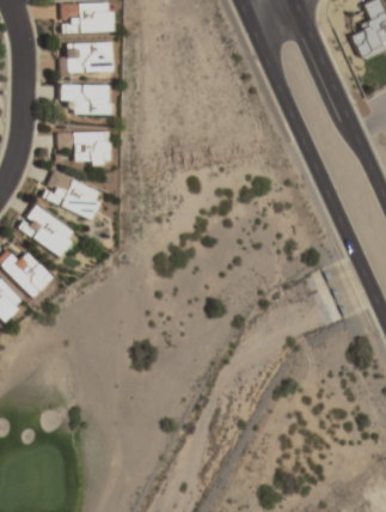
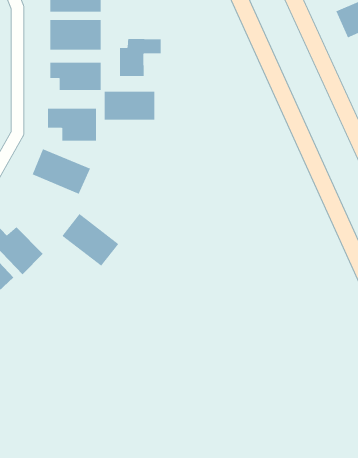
building: none -> [120,38,161,77]
building: none -> [104,91,155,120]
building: [19,202,78,256] -> [61,213,119,267]

